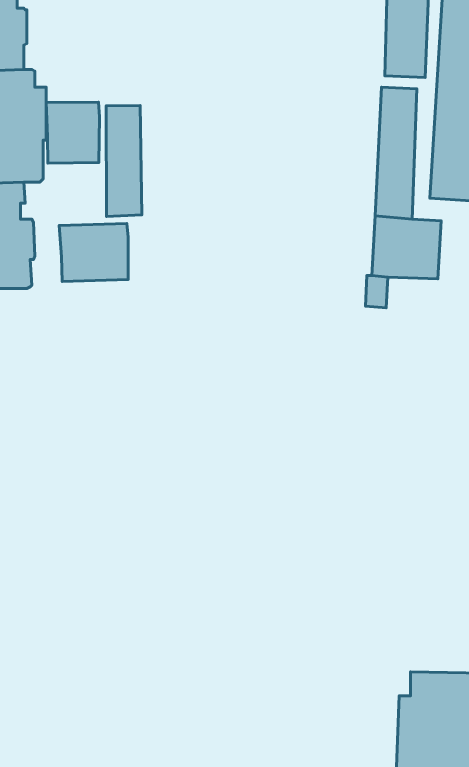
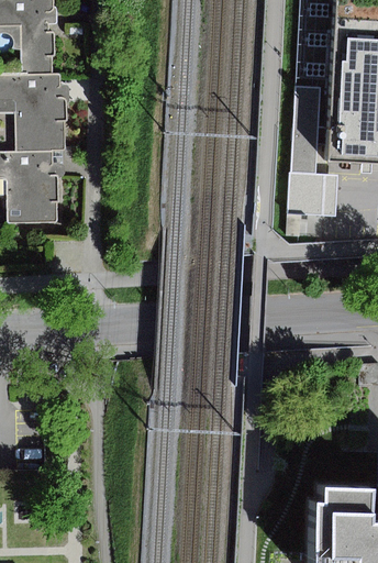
building: [46,102,99,163] -> none
building: [106,105,142,216] -> none
building: [59,223,128,282] -> none

